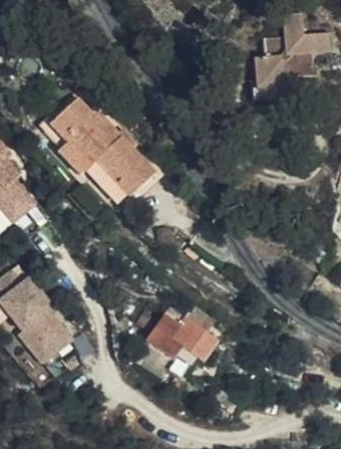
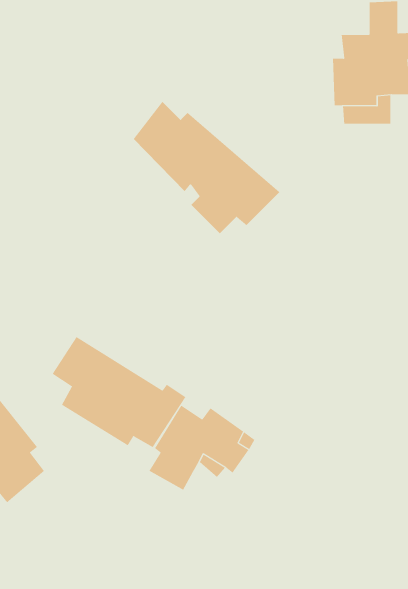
building: [48,102,153,198] -> [133,101,280,234]
building: none -> [52,336,186,448]

